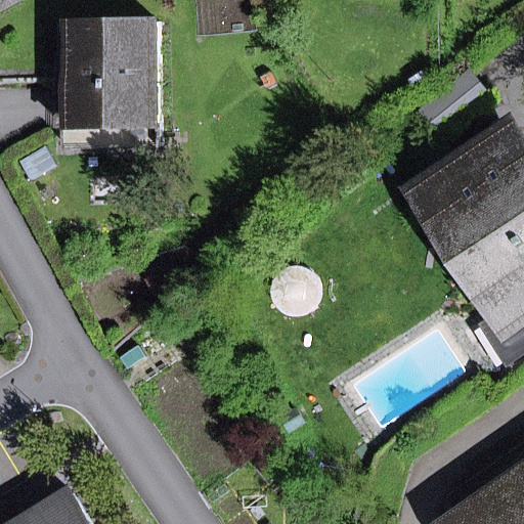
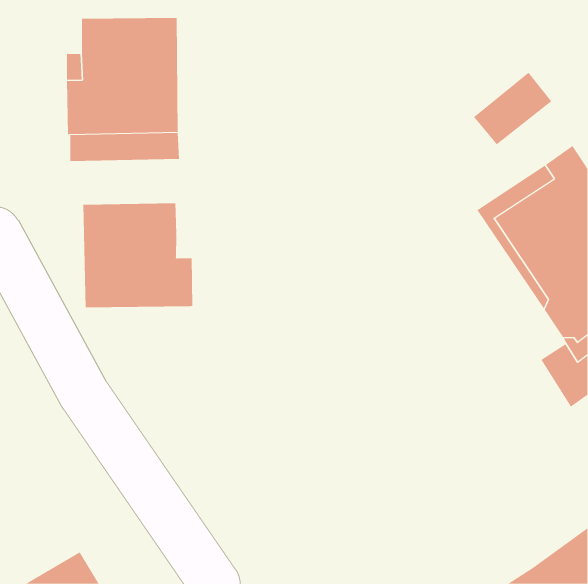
building: none -> [83,202,193,308]

